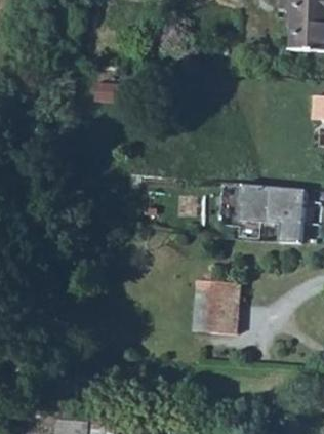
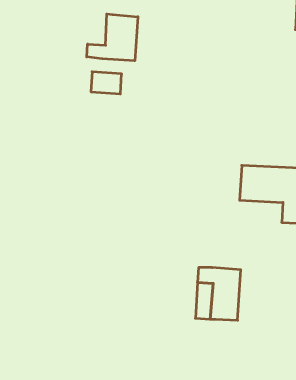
building: none -> [87,14,138,61]

